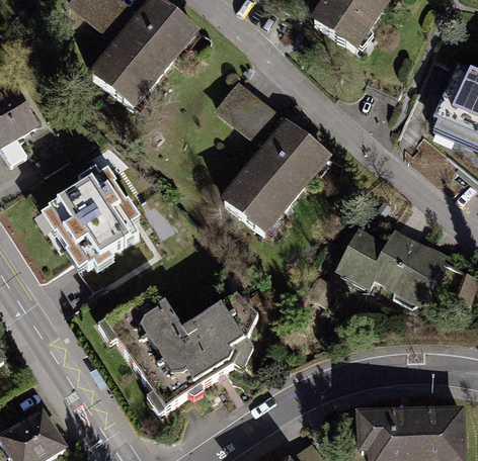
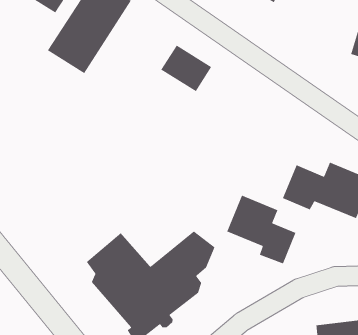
building: [226,122,327,231] -> none
building: [46,181,141,273] -> none
building: none -> [226,195,297,265]

